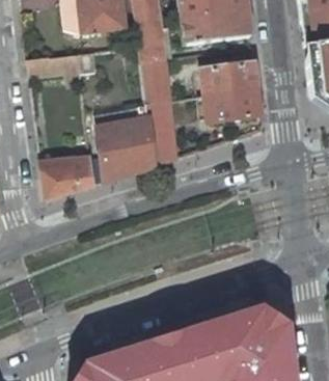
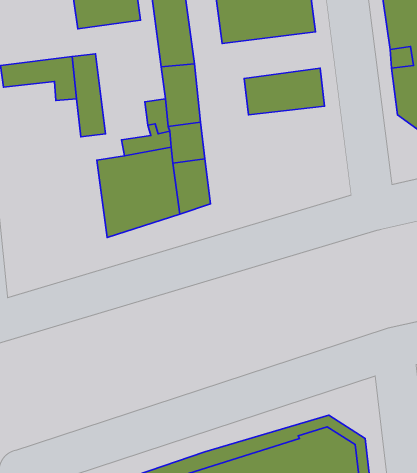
building: [204,88,262,121] -> none
building: [40,152,94,199] -> none

